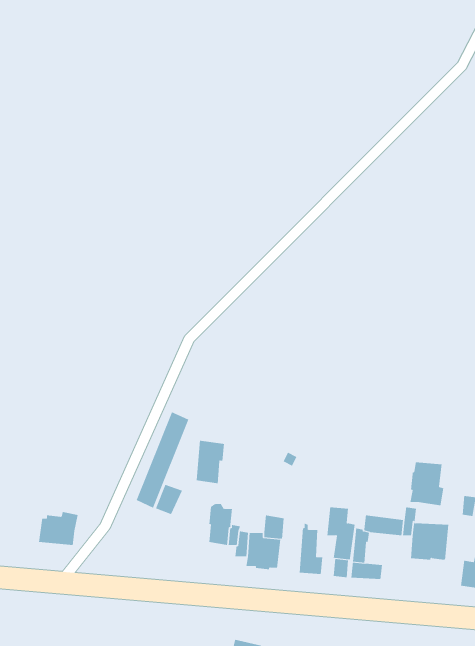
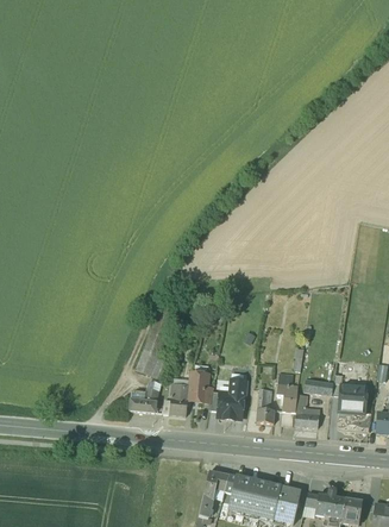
building: [196,440,225,484] -> [169,384,190,416]
building: [410,462,444,506] -> none
building: [38,512,78,545] -> [128,388,158,413]

